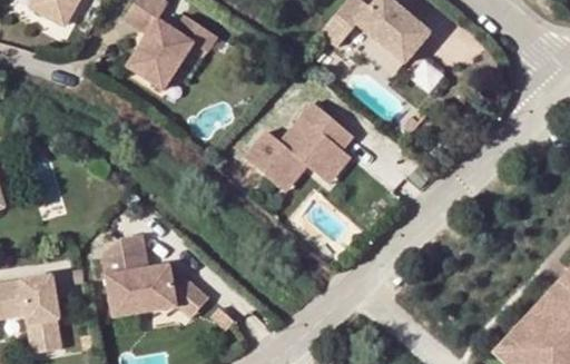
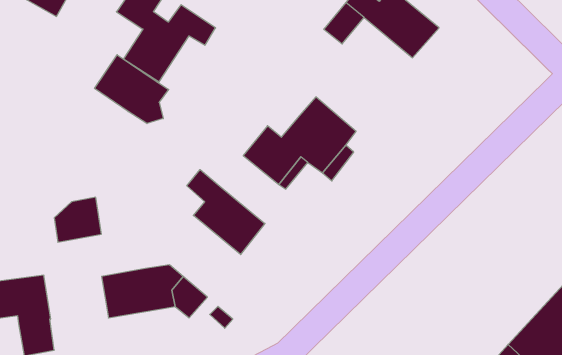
building: none -> [95,55,169,124]
building: none -> [187,170,265,255]
building: [104,233,149,276] -> [54,197,101,242]

